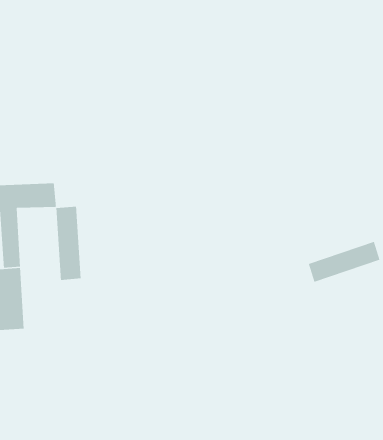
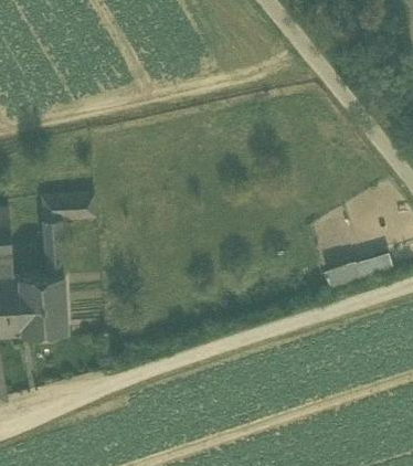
building: [55,206,82,281] -> none

